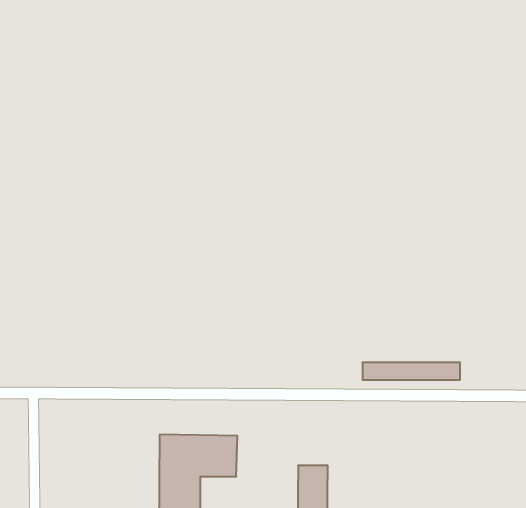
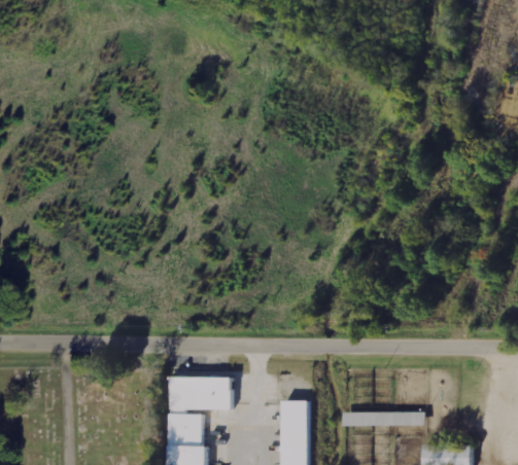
building: [362,362,460,380] -> [343,413,424,427]

